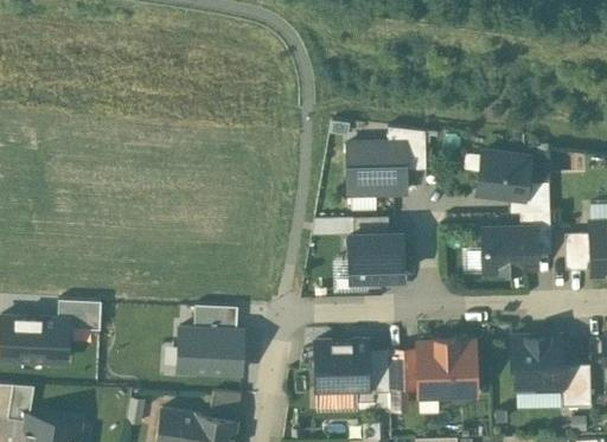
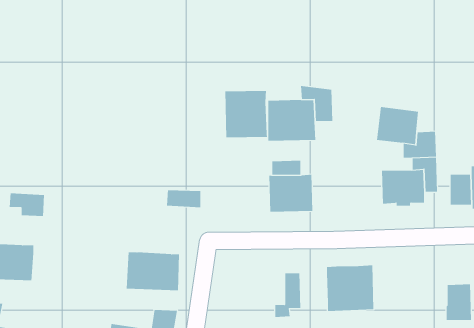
building: none -> [225,90,267,138]
building: [56,301,98,329] -> [9,193,45,217]
building: [192,308,234,329] -> [166,190,201,208]
building: [511,338,561,391] -> none
building: [314,342,368,391] -> none
building: [386,352,418,395] -> none

